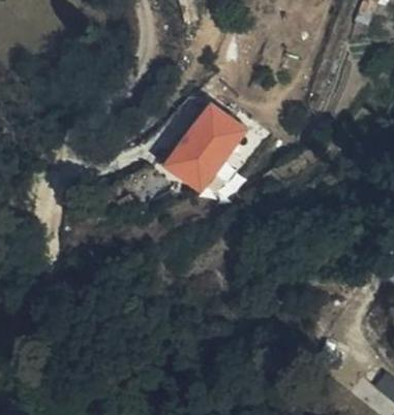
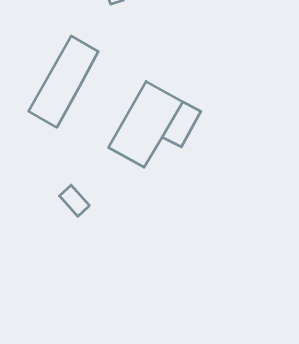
building: none -> [29,36,98,127]

